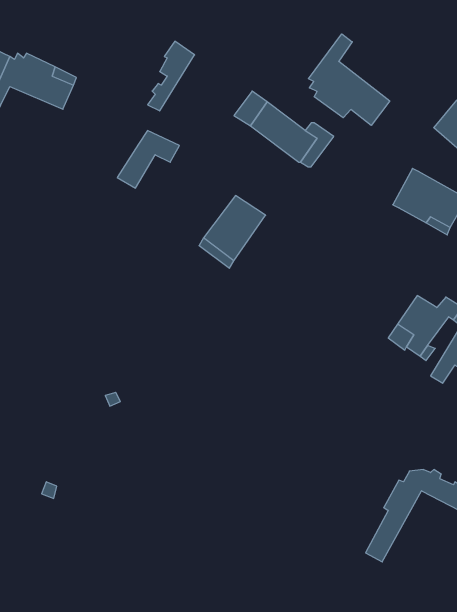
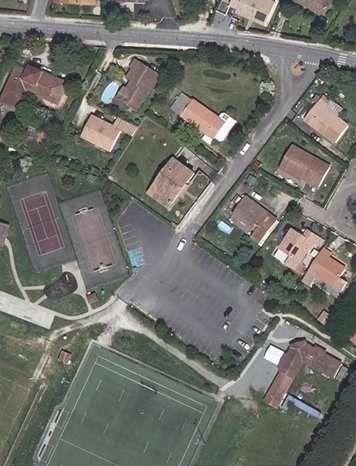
building: [308,34,390,125] -> none
building: none -> [124,68,160,114]
building: none -> [78,117,110,149]
building: none -> [237,195,282,240]

